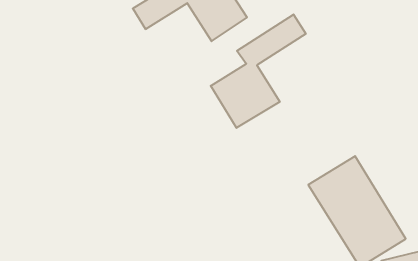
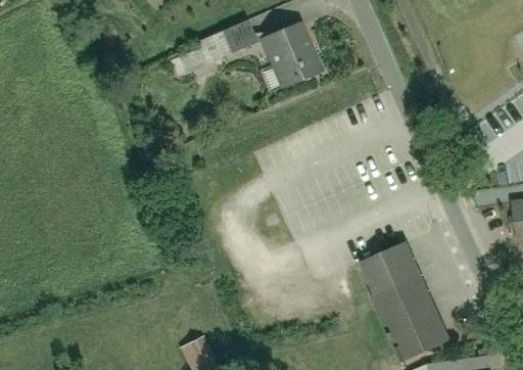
building: [211,14,306,128] -> none

